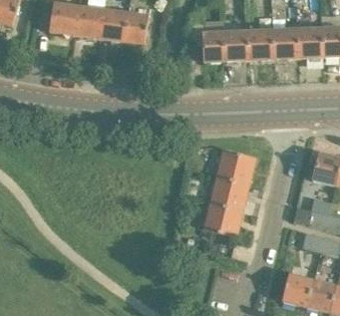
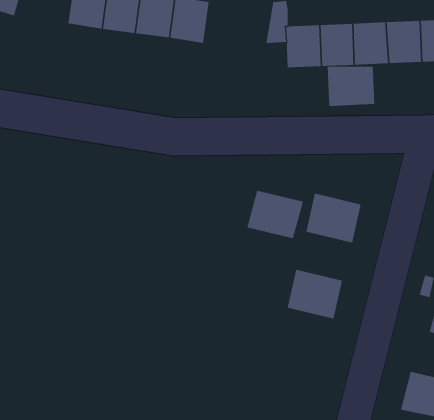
building: none -> [327,66,375,107]
building: [209,176,249,210] -> [246,190,304,239]

